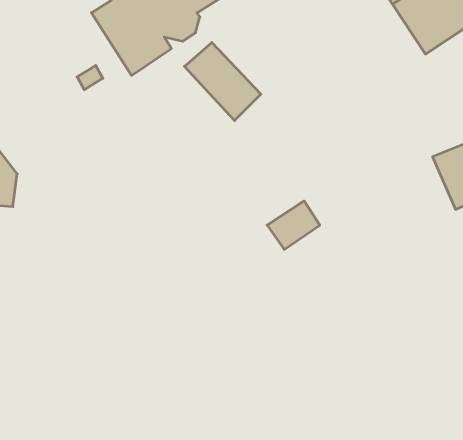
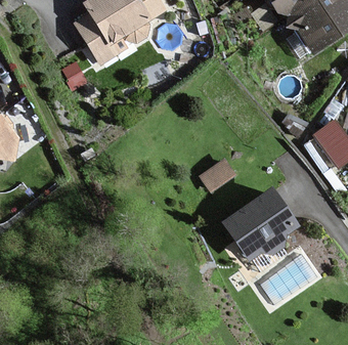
building: [184,42,261,121] -> none
building: none -> [222,190,295,260]

